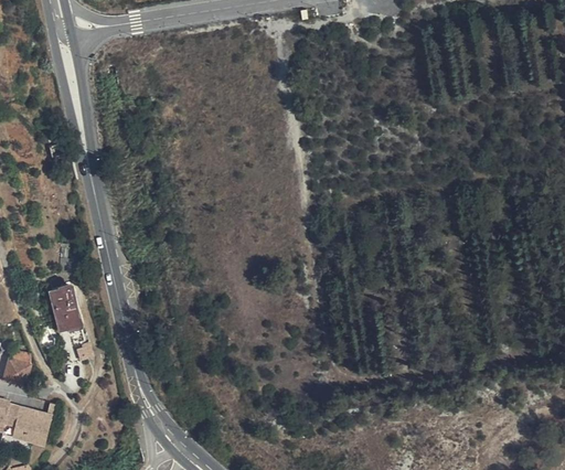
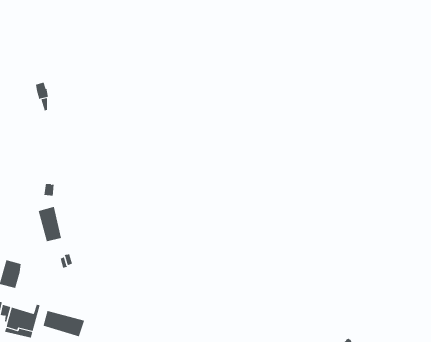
building: none -> [43,310,85,337]

